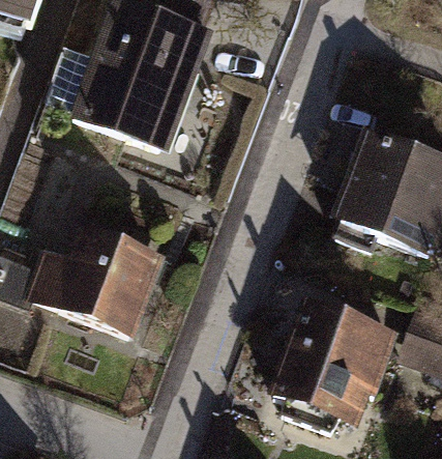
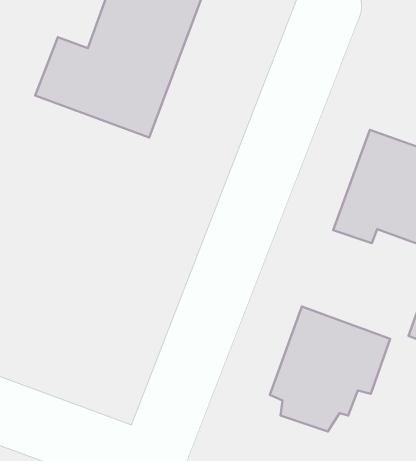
building: [29,223,156,333] -> none

